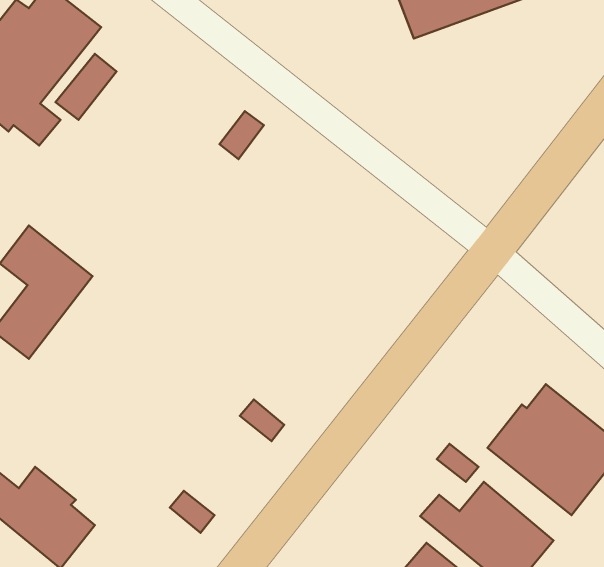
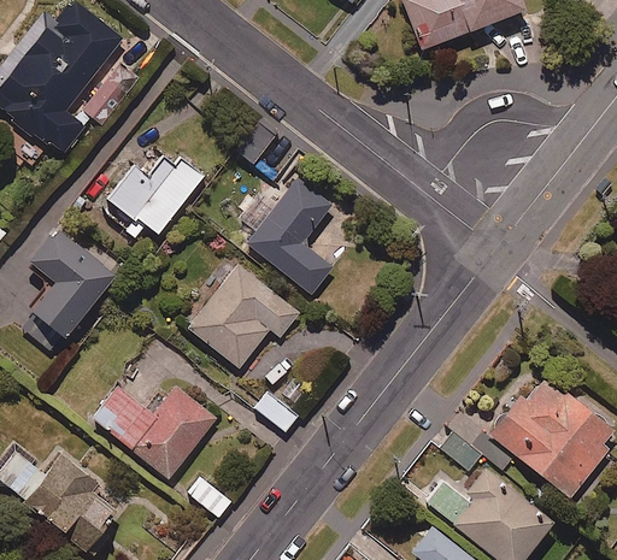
building: none -> [105,154,204,237]
building: none -> [246,177,334,294]
building: none -> [187,264,299,369]
building: none -> [90,387,216,479]

